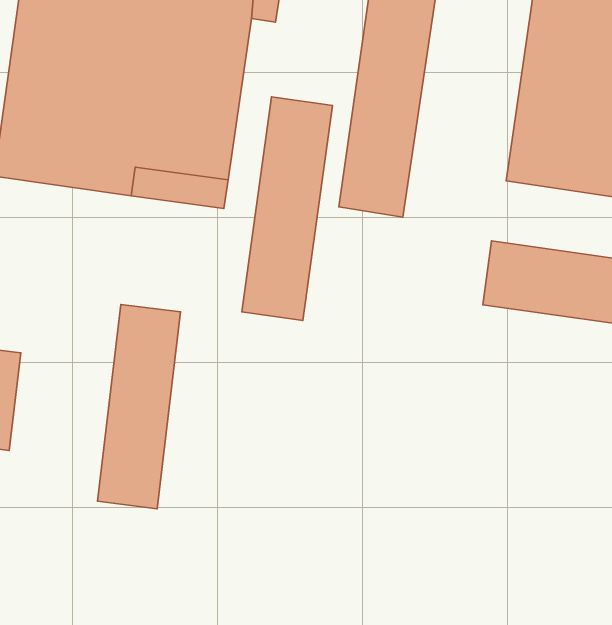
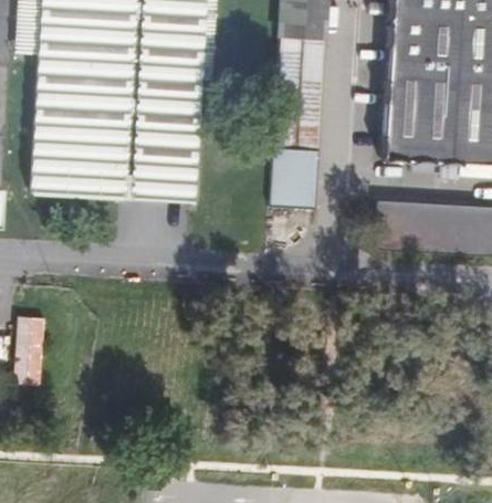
building: [242,97,333,321] -> none
building: [98,304,180,509] -> none

